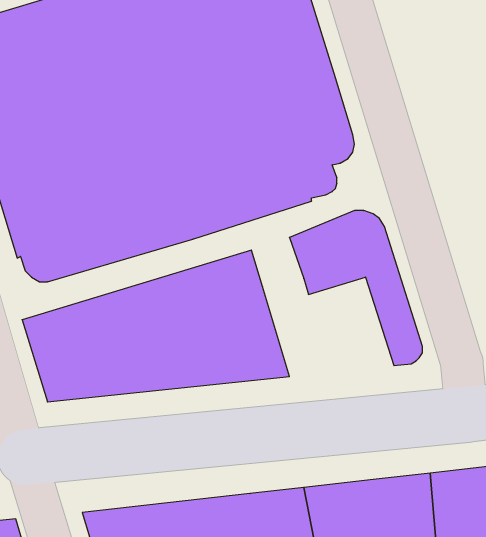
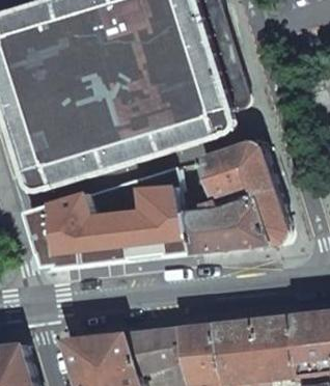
building: none -> [182,186,268,251]

